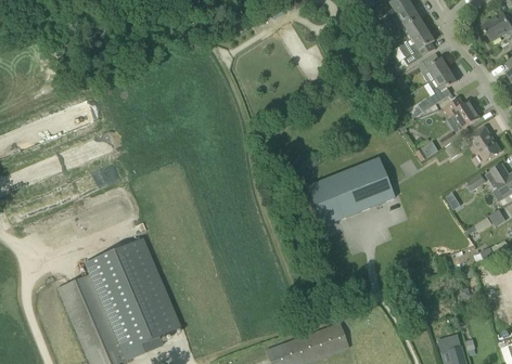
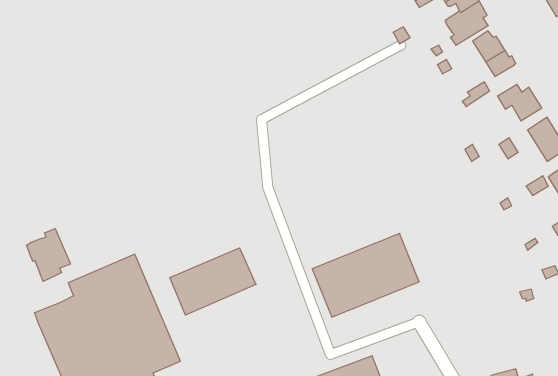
building: [305,157,394,226] -> [312,233,419,317]
building: none -> [27,229,71,281]
building: none -> [170,248,256,315]

